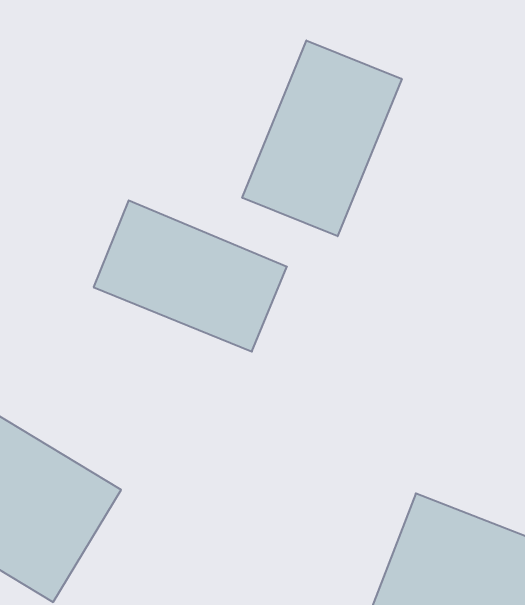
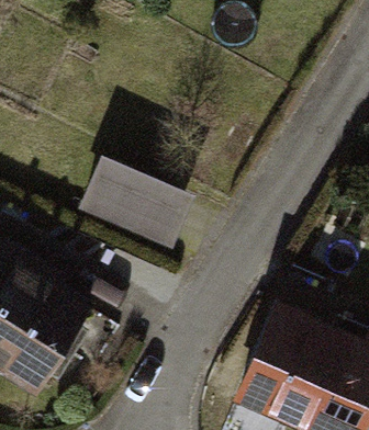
building: [242,40,402,236] -> none

